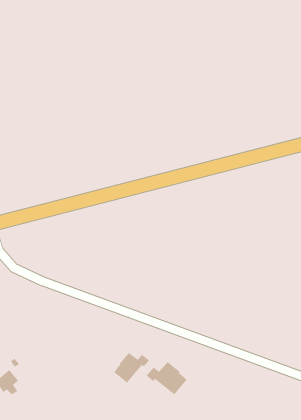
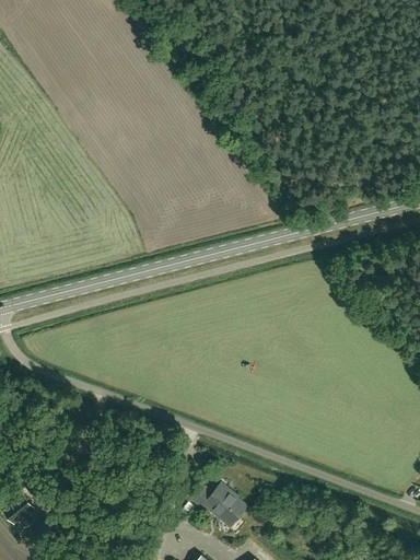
building: [114,352,150,384] -> none

